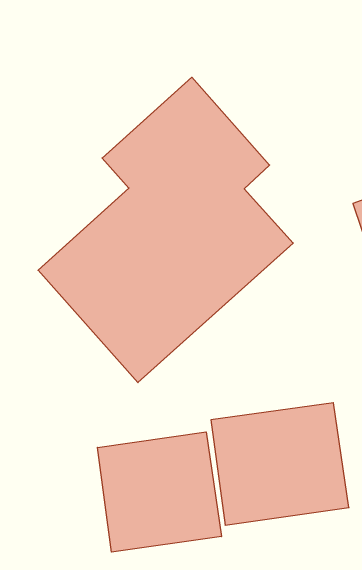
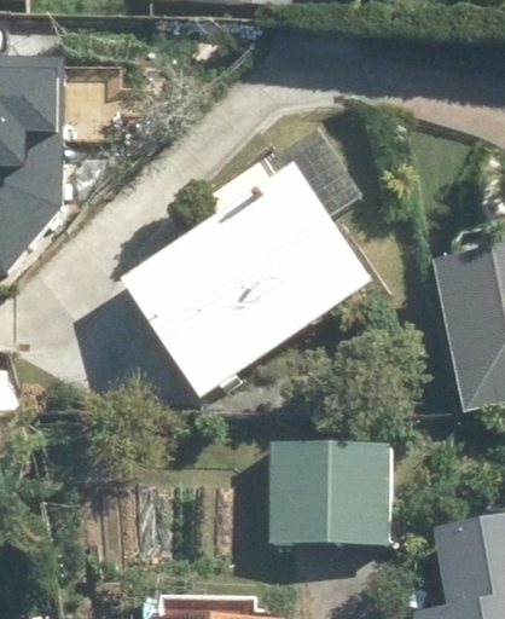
building: [97,432,221,552] -> none

